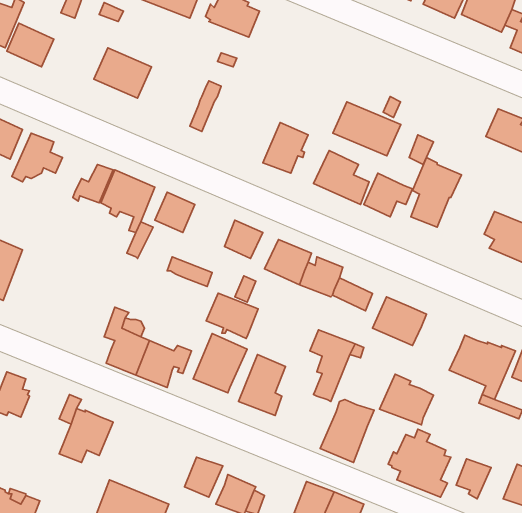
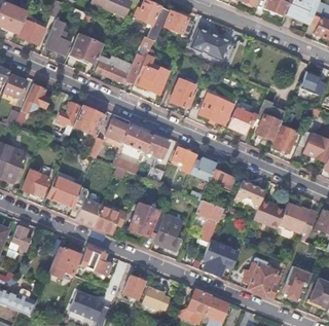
building: none -> [163,10,192,35]
building: none -> [44,19,71,56]
building: none -> [139,53,168,94]
building: none -> [95,61,131,83]
building: [333,102,401,156] -> [190,28,230,60]
building: none -> [272,125,297,152]
building: none -> [23,170,49,195]
building: none -> [47,176,81,207]
building: [206,293,258,338] -> [121,125,152,152]
building: [380,374,434,425] -> [253,197,285,227]
building: none -> [79,246,111,275]

